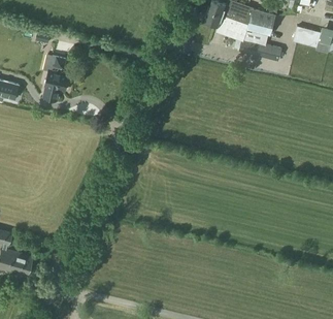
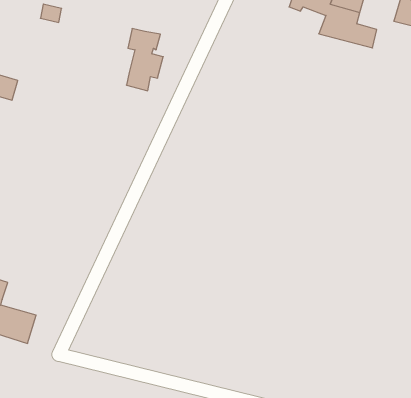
building: [43,54,70,99] -> [126,29,163,91]

